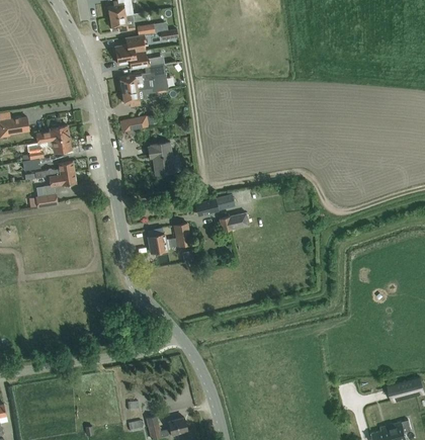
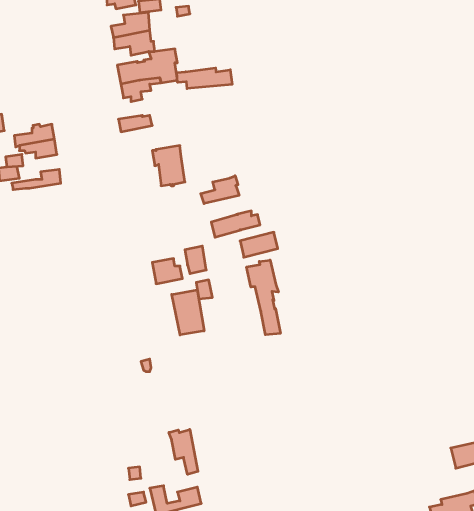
building: none -> [177,68,232,89]
building: none -> [201,176,239,204]
building: [35,172,76,206] -> none
building: none -> [247,260,280,335]
building: none -> [172,290,204,335]
building: none -> [169,429,198,474]

